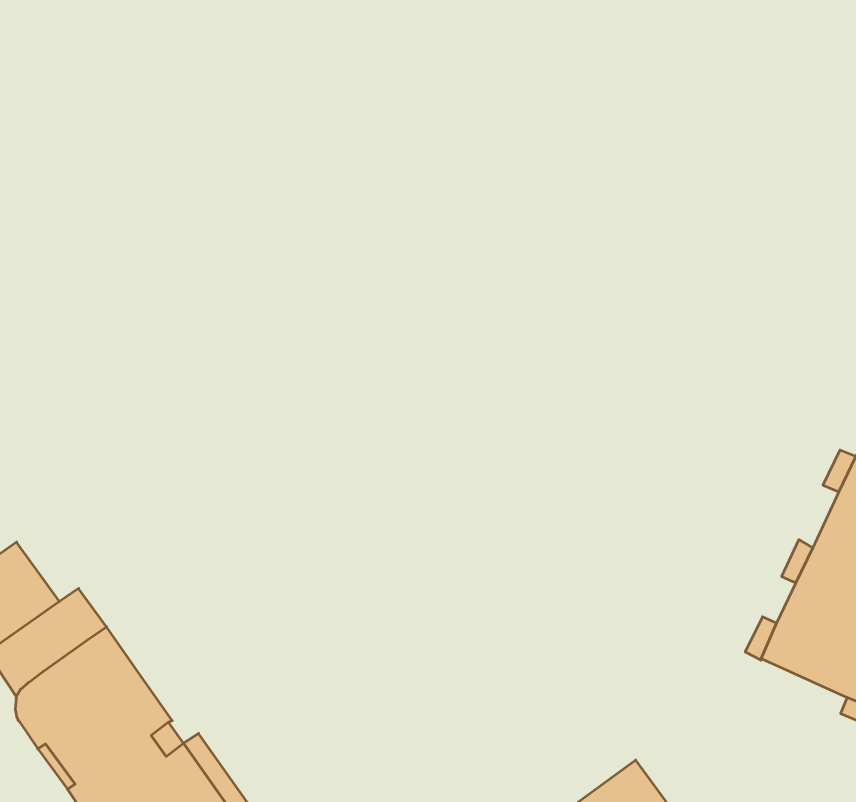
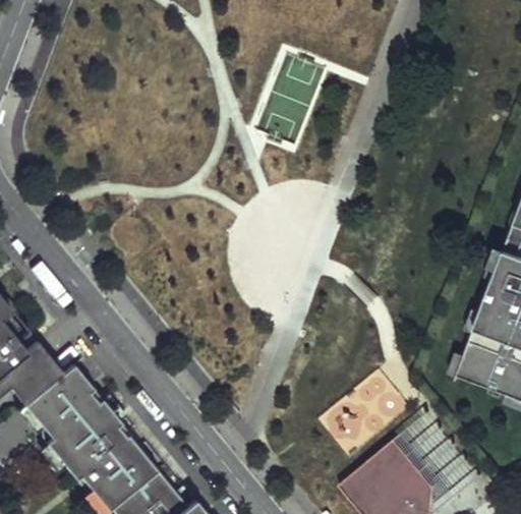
building: none -> [323,381,405,448]

